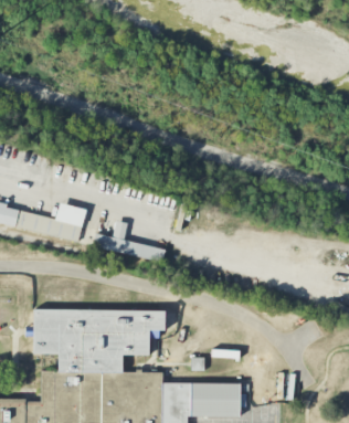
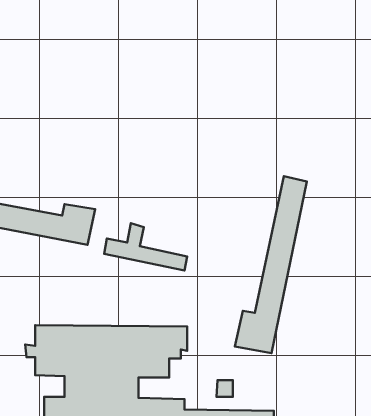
building: none -> [235,176,307,353]

